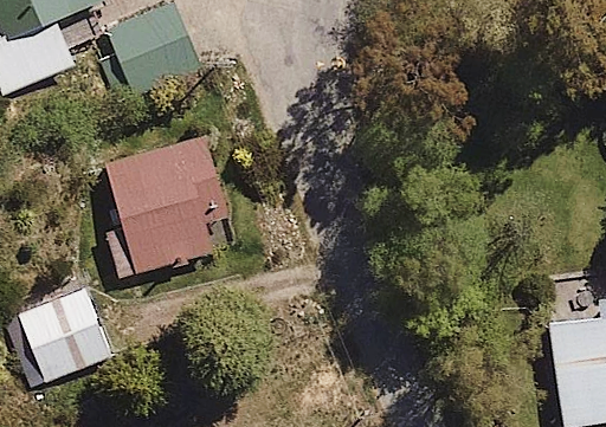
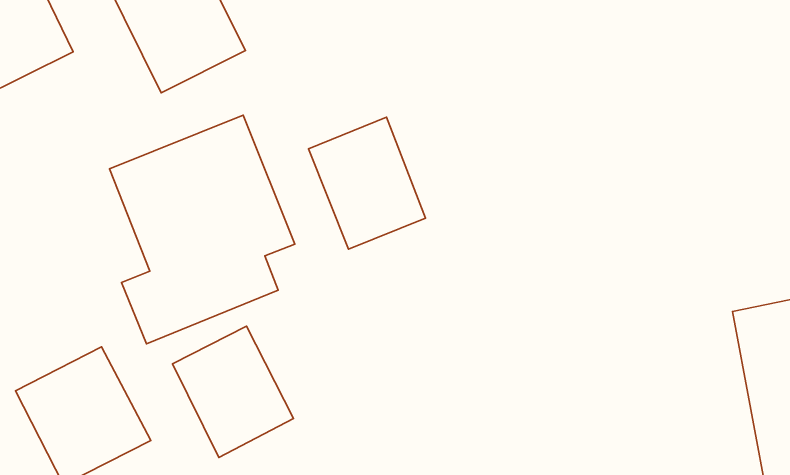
building: none -> [308,117,426,249]
building: none -> [172,326,294,457]

